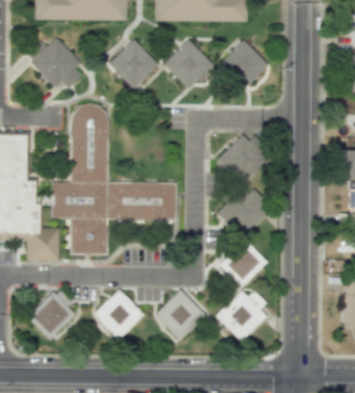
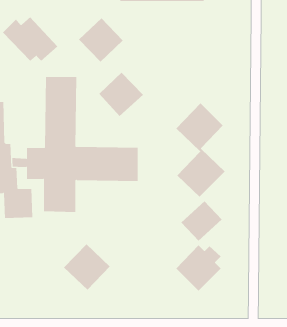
building: [164,40,214,89] -> [99,72,144,117]
building: [219,40,269,91] -> none
building: [29,288,75,340] -> none
building: [154,290,206,342] -> none

